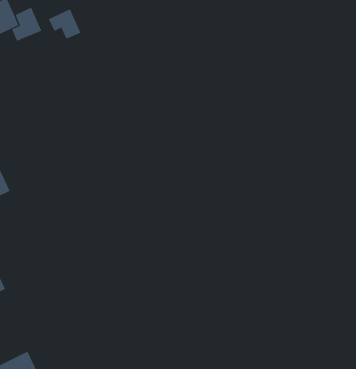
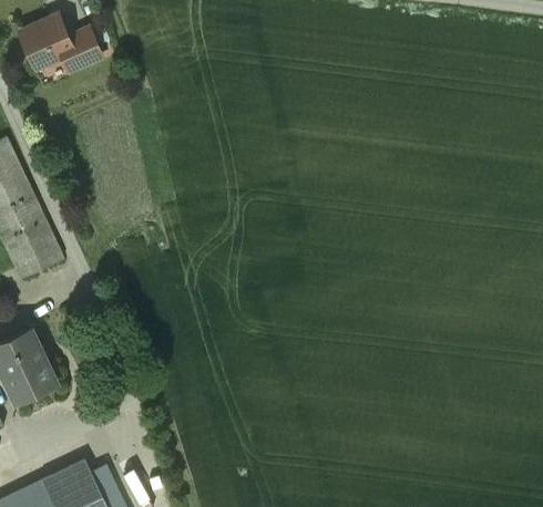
building: [48,8,81,39] -> none

